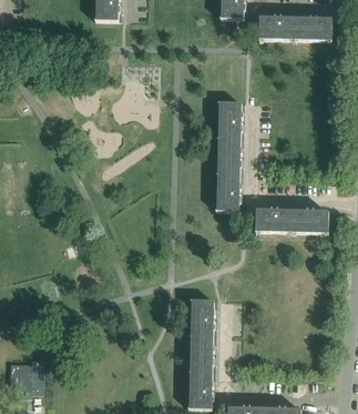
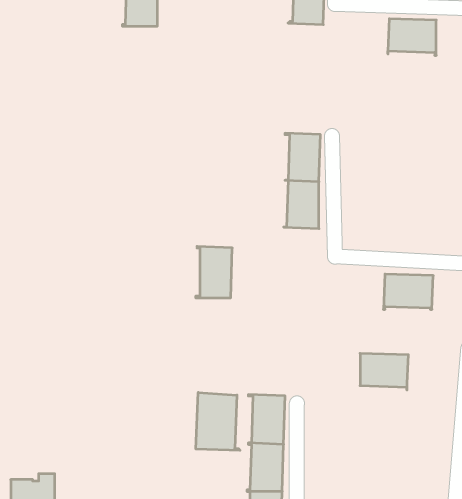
building: [258,14,295,42] -> none
building: [214,173,242,212] -> [196,246,232,298]
building: [255,208,291,235] -> [360,353,408,390]
building: none -> [196,392,240,450]

